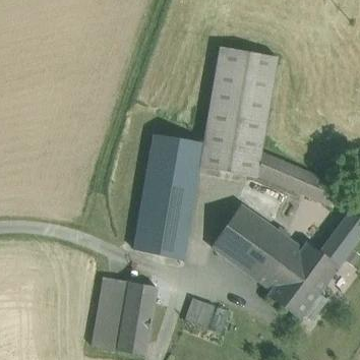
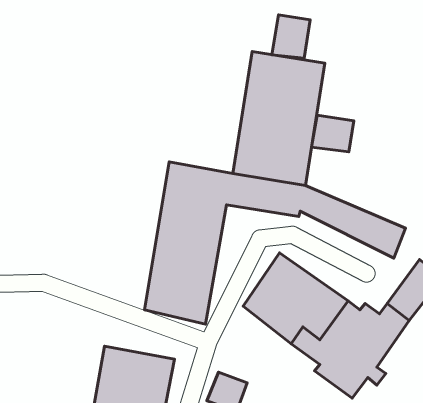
building: none -> [272,15,310,58]
building: none -> [312,115,354,152]

